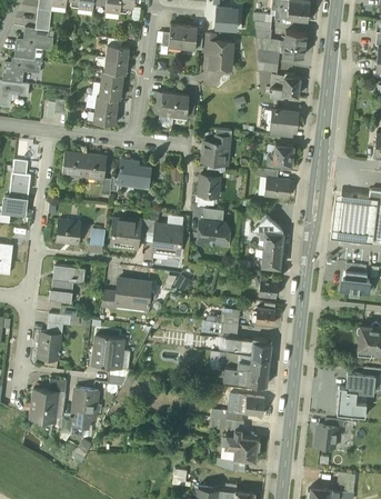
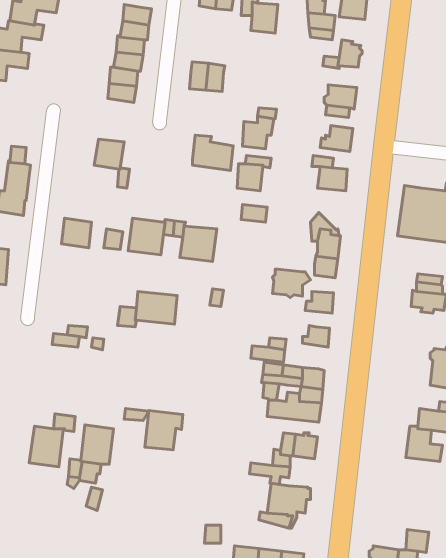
building: [61,151,86,176] -> none
building: [118,158,151,187] -> [192,135,233,170]
building: [198,220,229,243] -> [273,269,311,298]
building: [49,265,84,301] -> none
building: [37,330,61,360] -> none
building: [92,336,123,368] -> [145,411,183,450]
building: [314,427,337,449] -> none

